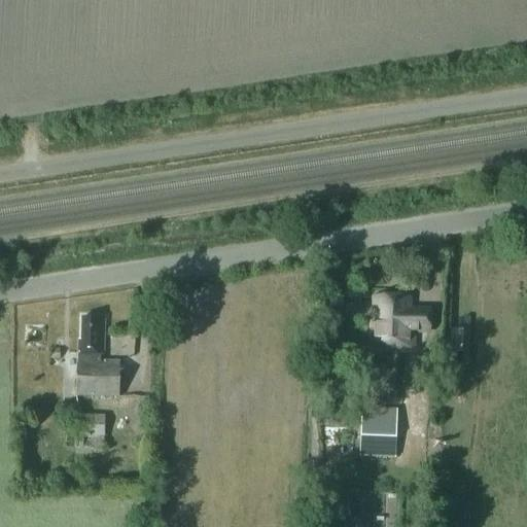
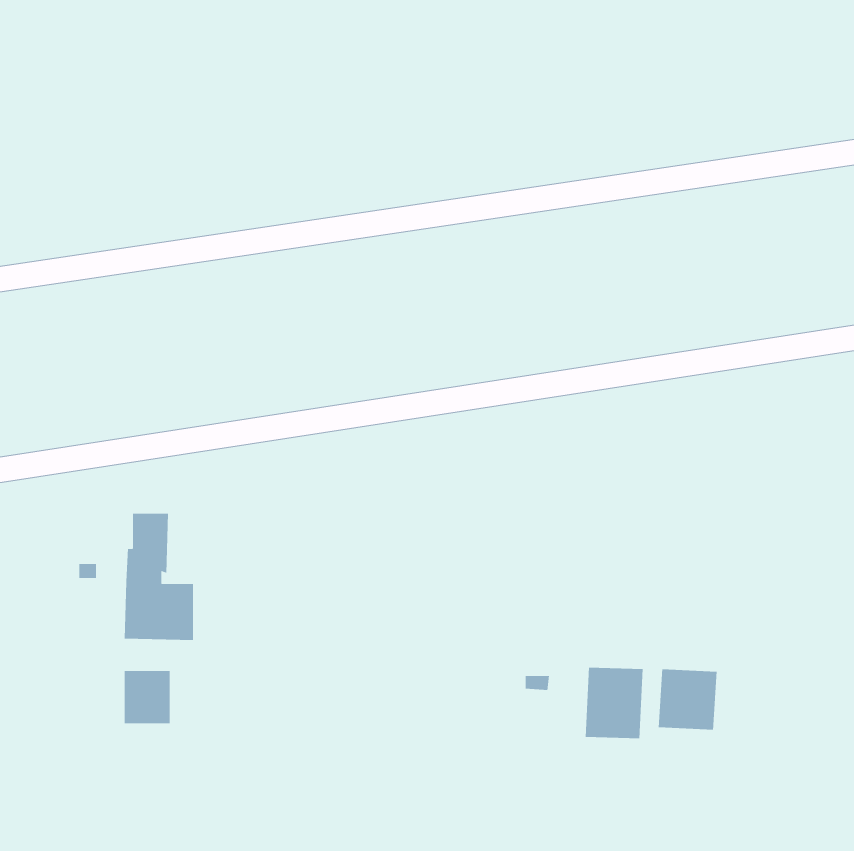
building: [374,296,429,346] -> none
building: none -> [658,669,717,730]

